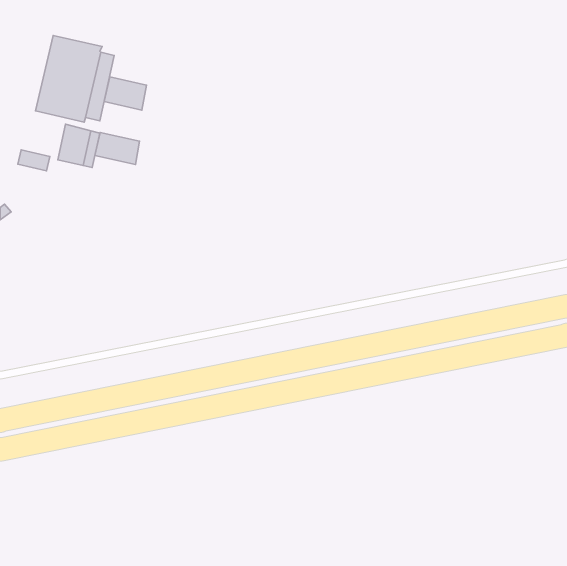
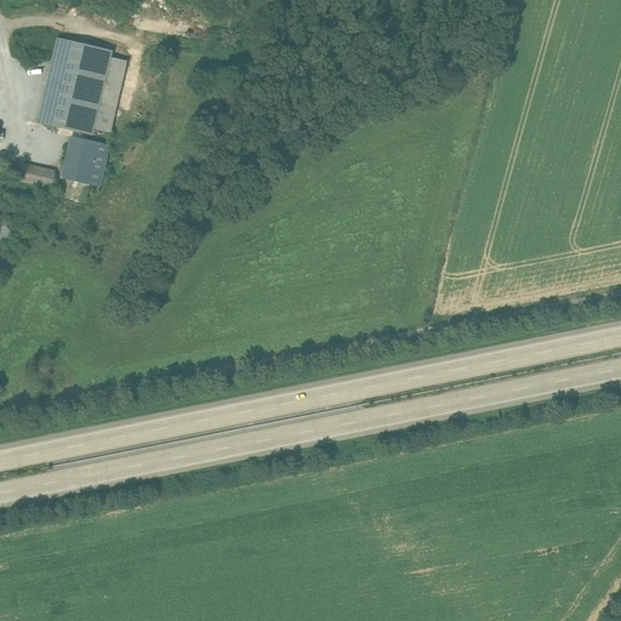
building: [104,77,146,110] -> none
building: [95,133,139,165] -> none

